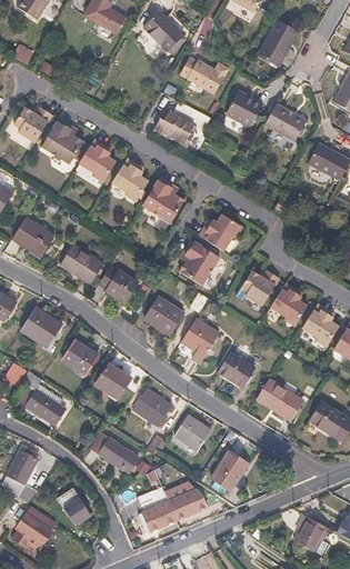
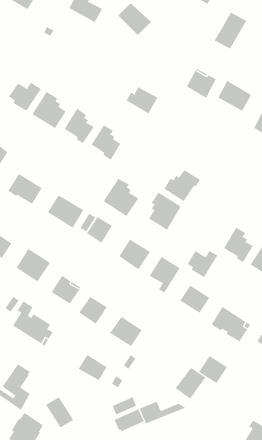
building: [179,59,227,94] -> none
building: [141,177,184,223] -> [103,178,139,217]
building: [240,270,278,303] -> [187,250,218,278]
building: [177,416,212,450] -> [198,355,228,384]

